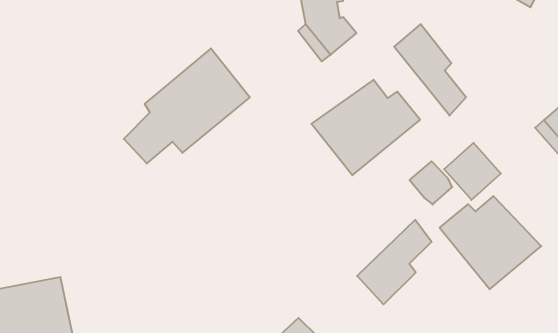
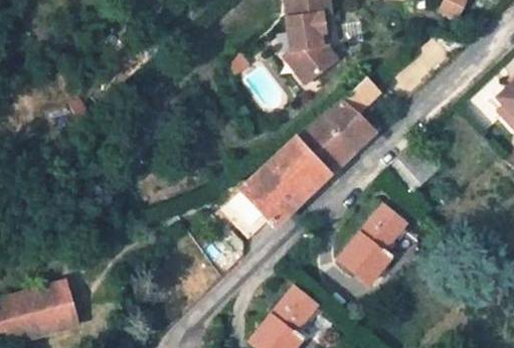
building: [394,24,466,116] -> none
building: [124,48,250,164] -> [221,134,328,236]
building: [440,196,541,289] -> none

